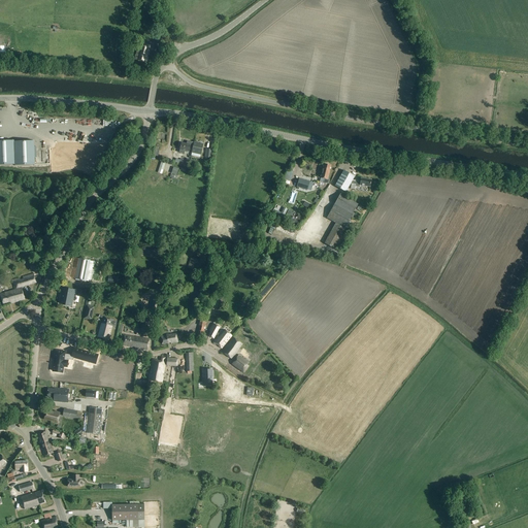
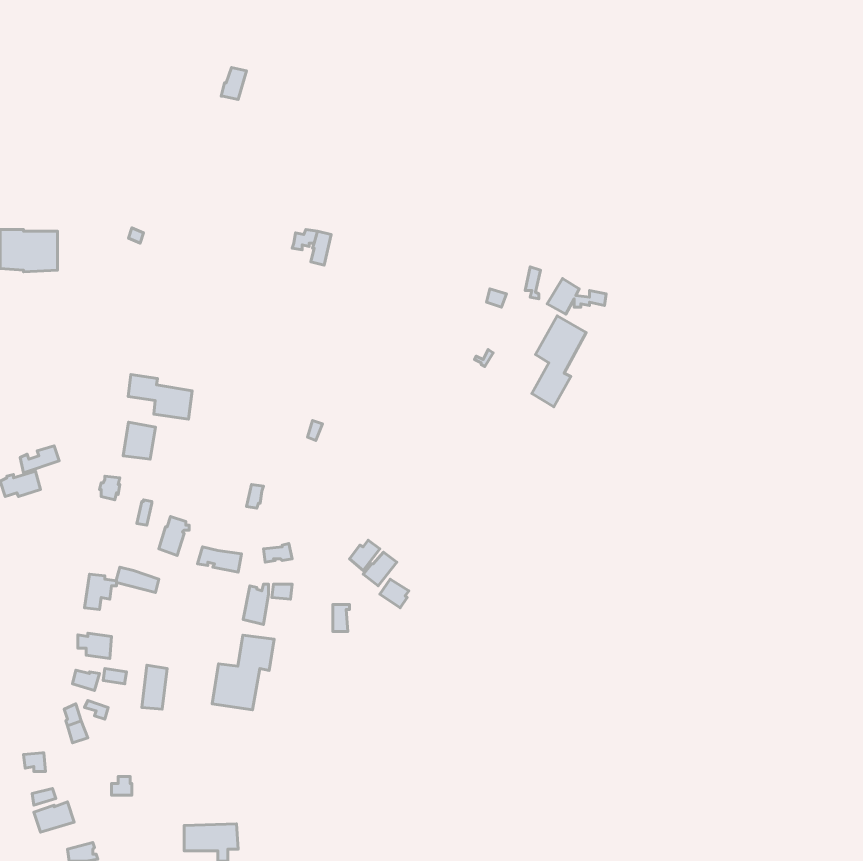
building: none -> [128,374,192,419]
building: none -> [212,635,274,710]

